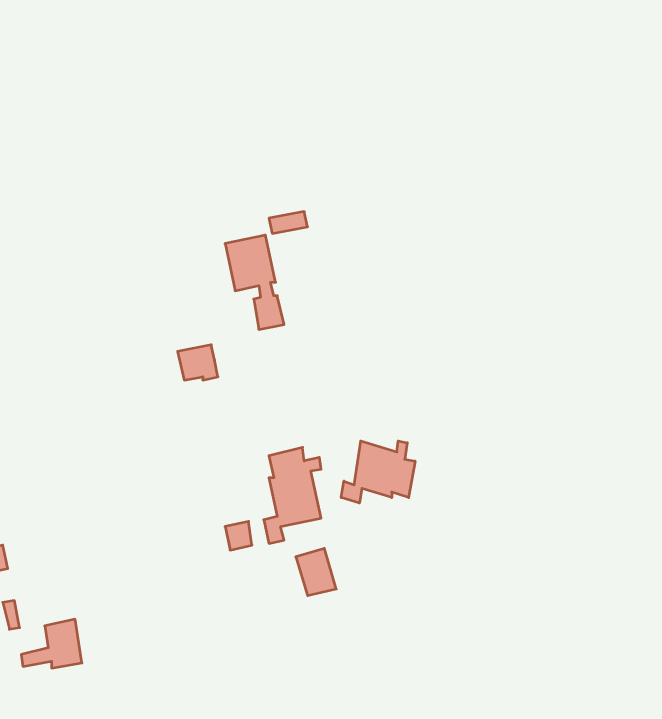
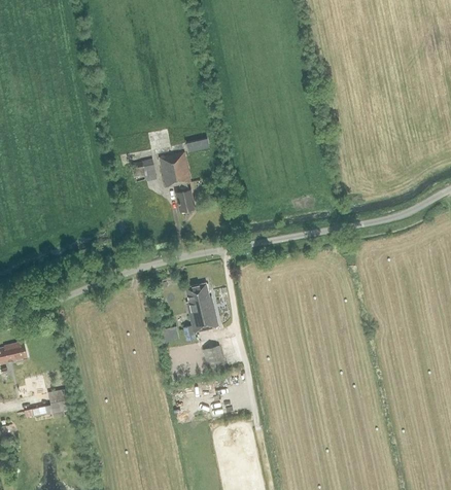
building: [178,345,218,380] -> [132,159,157,180]
building: [341,441,415,503] -> none

